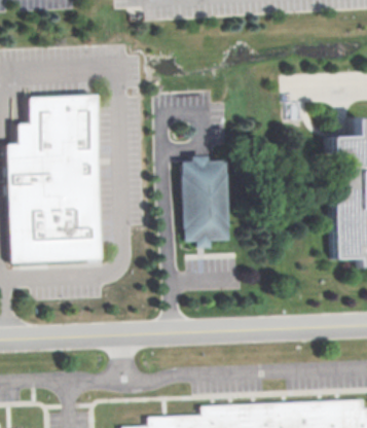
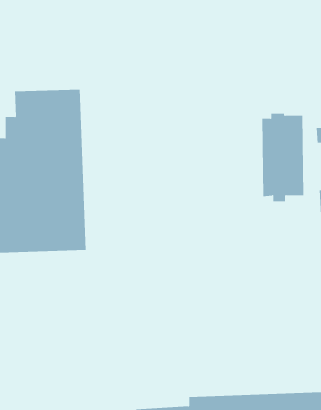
building: [189,156,232,246] -> [261,113,304,202]

